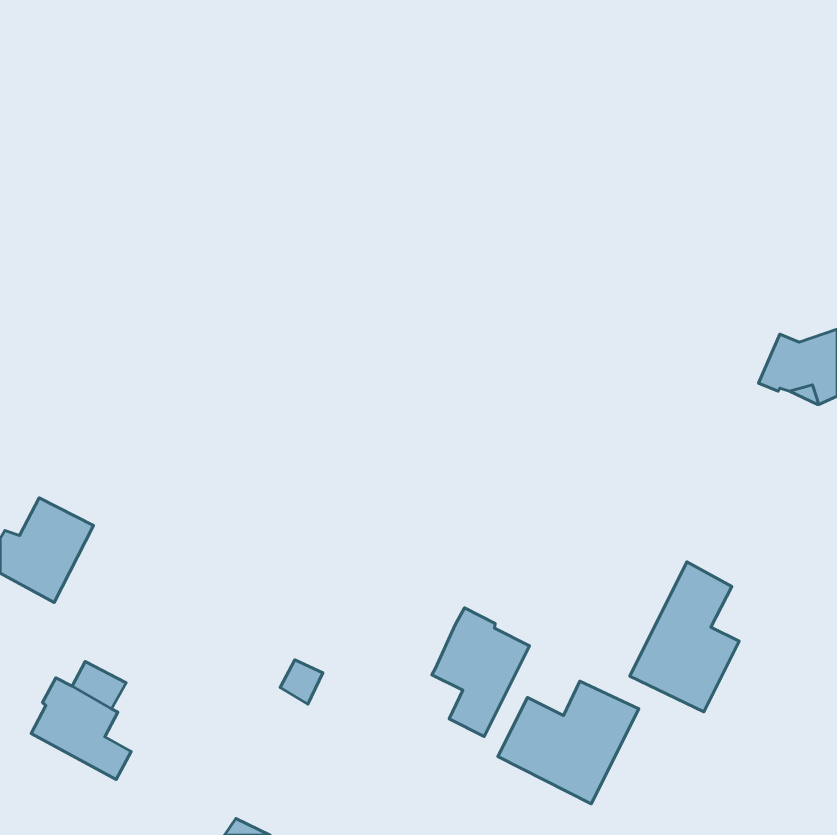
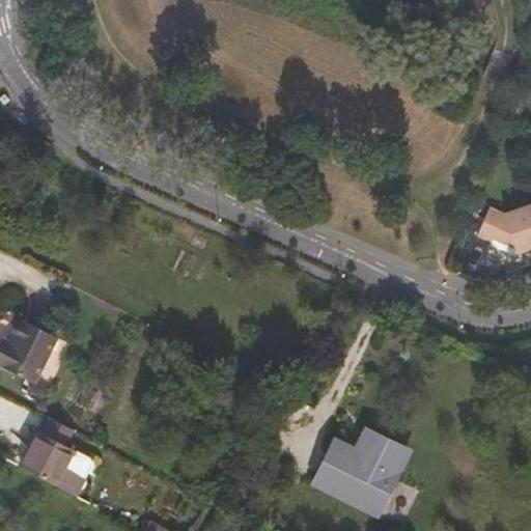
building: [630,562,739,712] -> none
building: [432,608,529,736] -> none

